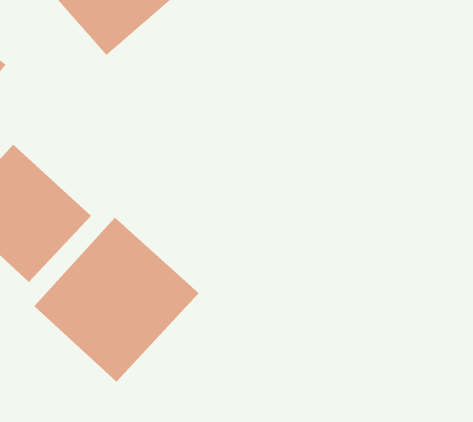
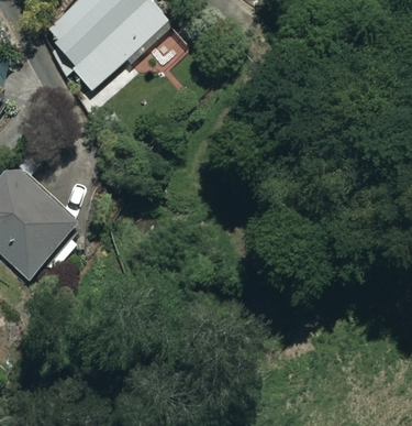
building: [34,217,199,383] -> none

